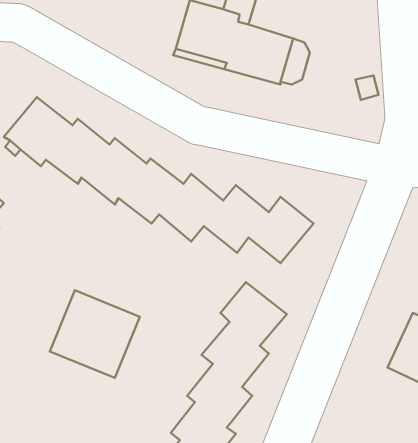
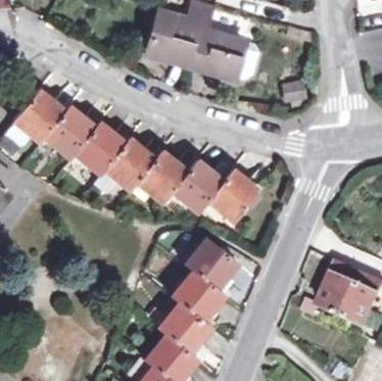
building: [50,290,140,378] -> none

